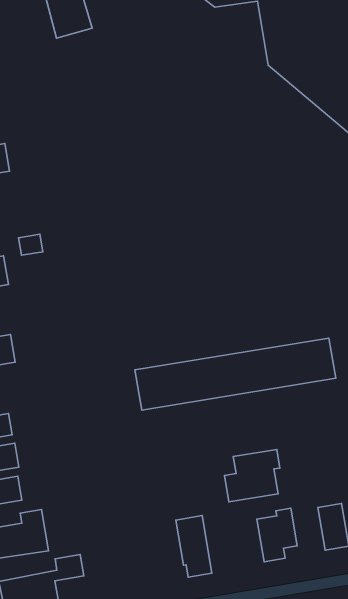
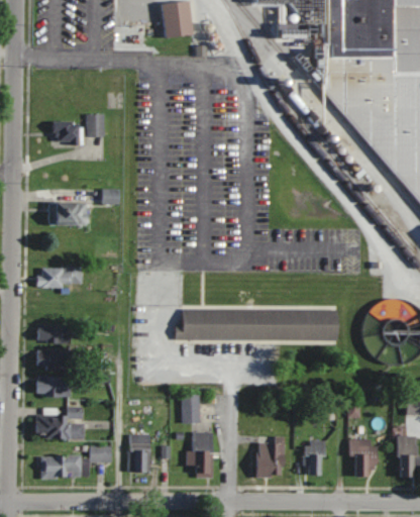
building: [224,449,280,502] -> none
building: none -> [179,395,198,423]
building: none -> [128,434,148,472]

